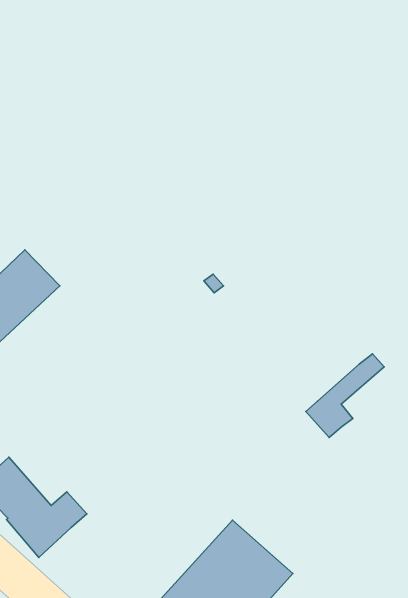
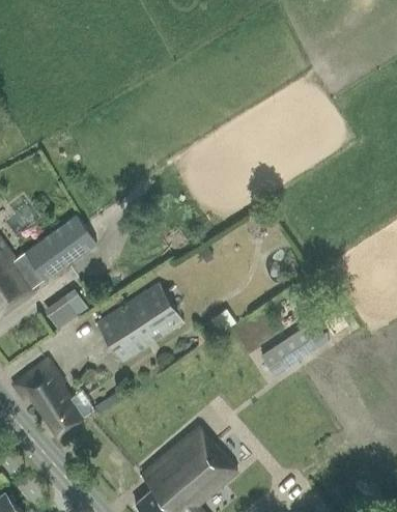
building: none -> [97,282,185,362]
building: none -> [52,285,96,325]

